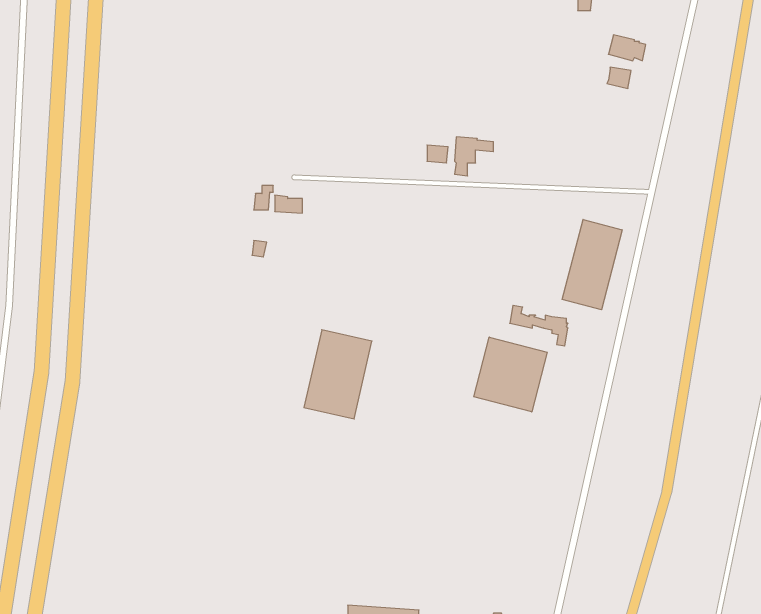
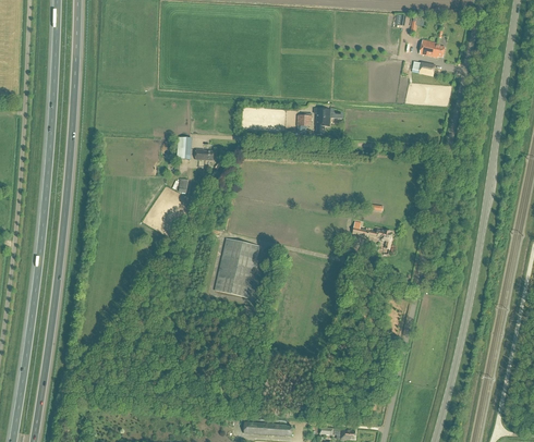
building: [562,219,622,310] -> none
building: [474,337,547,412] -> none

